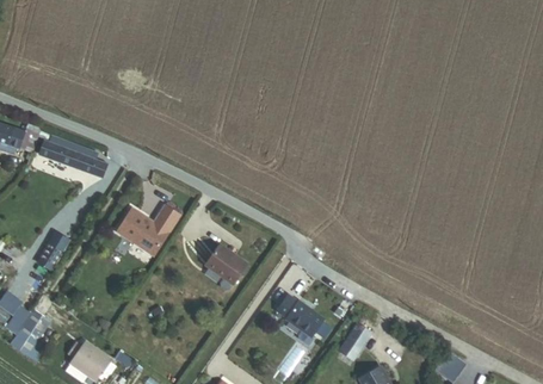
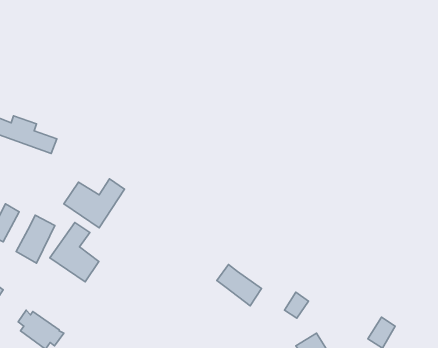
building: [203,241,245,286] -> none
building: none -> [16,215,55,263]
building: none -> [50,222,99,282]

